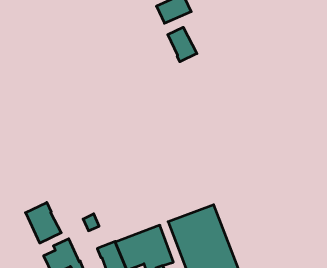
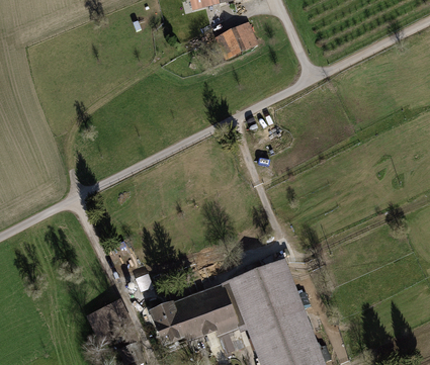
building: [168,27,197,62] -> none
building: [25,202,61,243] -> none

